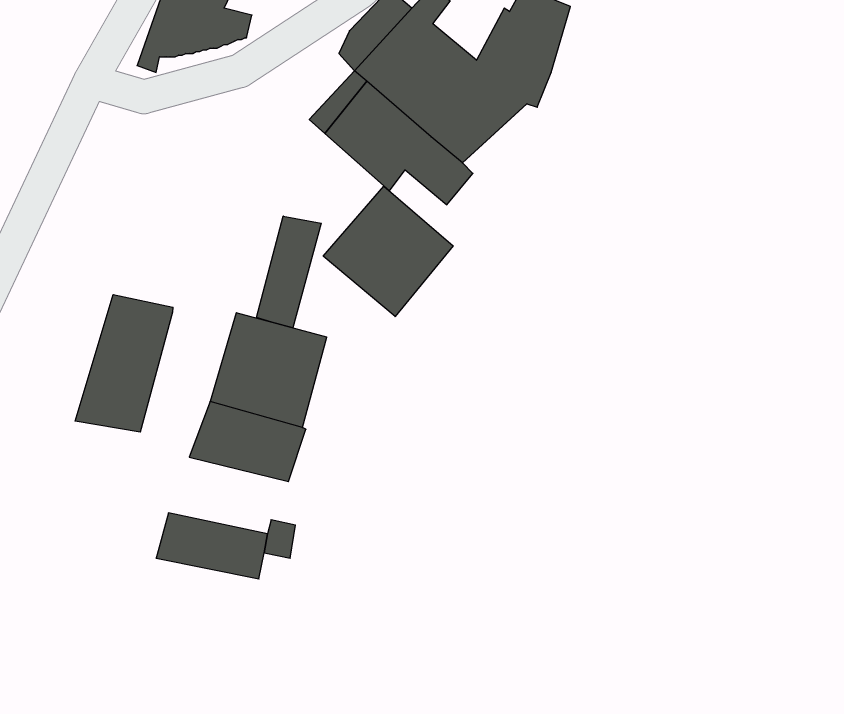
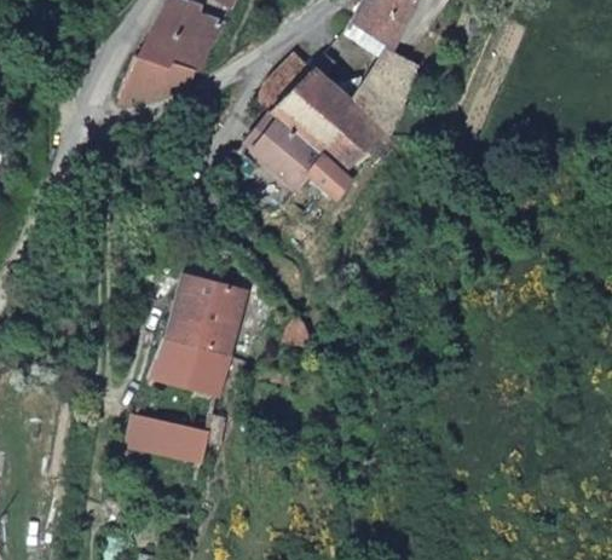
building: [323,186,453,317] -> none
building: [257,216,321,328] -> none
building: [75,295,173,432] -> none

